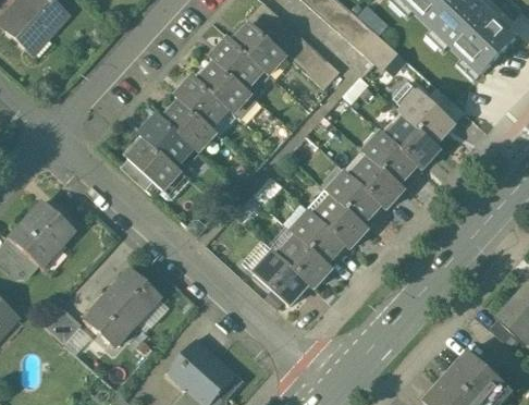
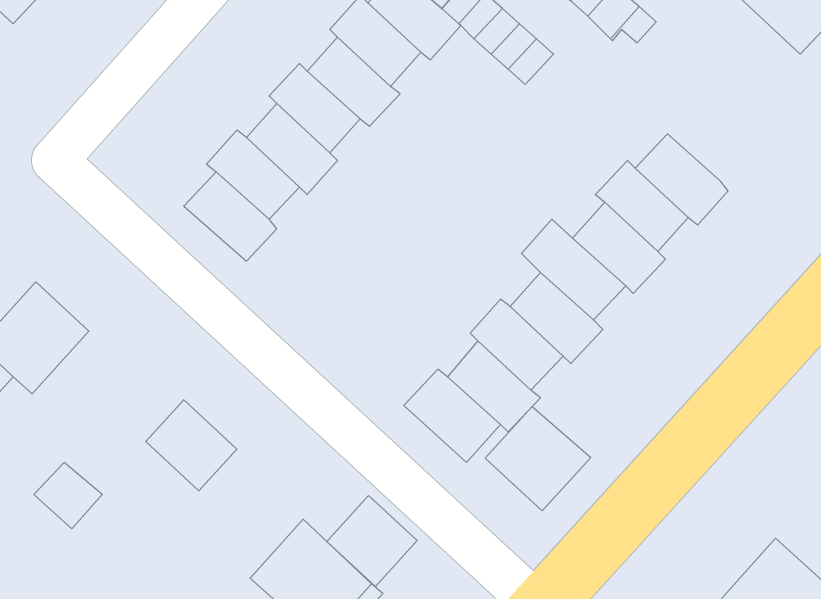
building: [397,85,456,144] -> none
building: none -> [485,407,591,511]
building: [82,293,136,347] -> none
building: none -> [327,496,417,586]

